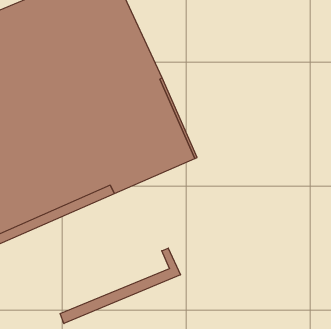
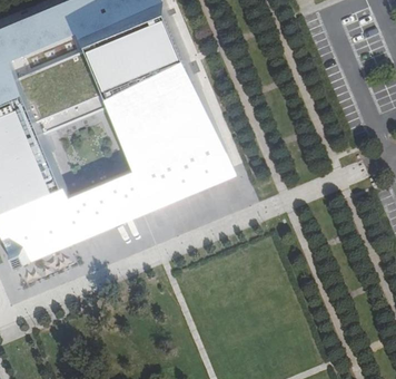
building: [60,248,180,324] -> none

